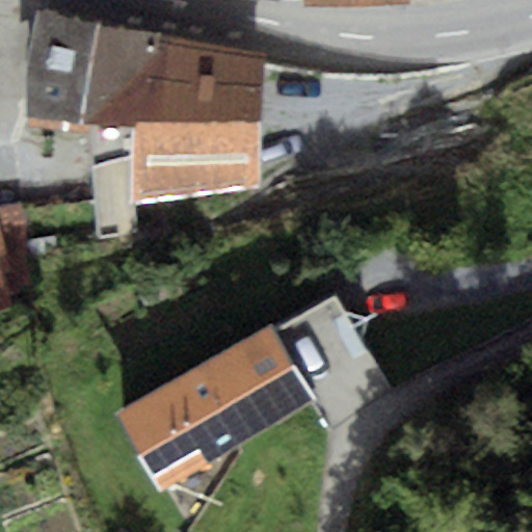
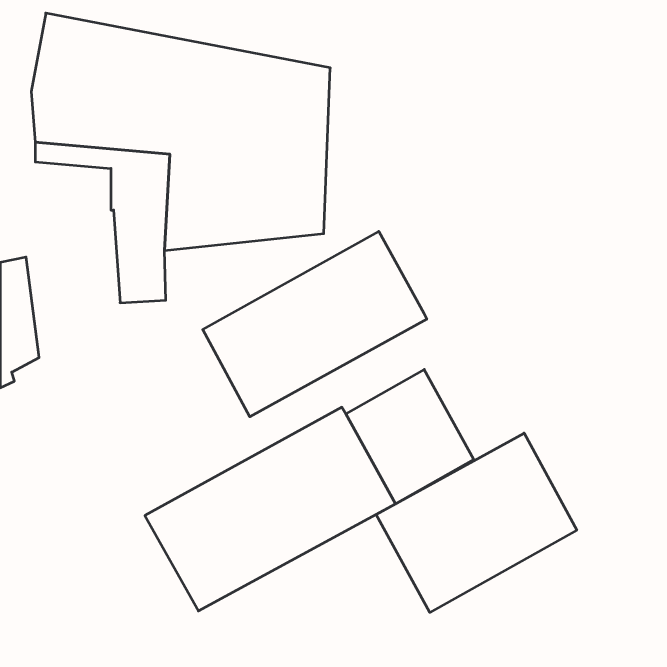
building: none -> [203,231,427,417]
building: none -> [376,433,577,612]

